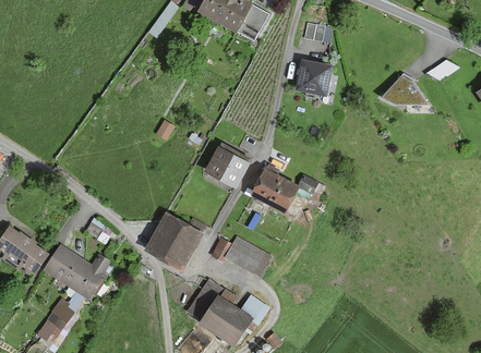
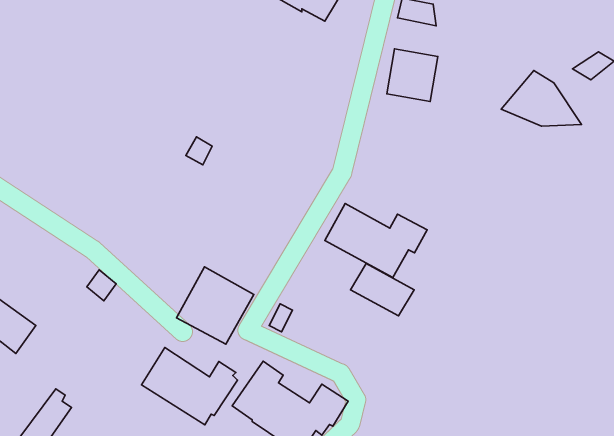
building: [206,147,249,186] -> none
building: [226,238,270,275] -> [351,263,414,316]
building: [44,244,111,299] -> [141,348,237,425]

